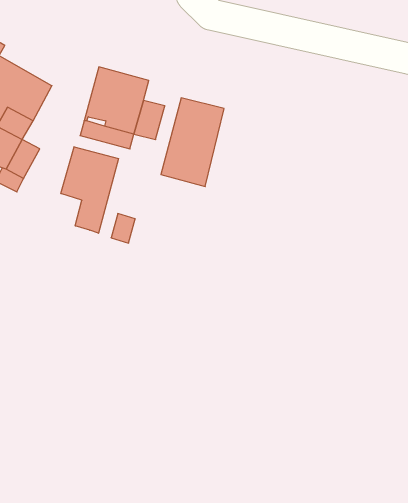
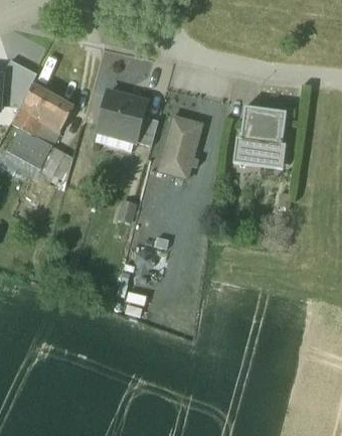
building: none -> [238,105,287,163]
building: [61,147,119,233] -> none

